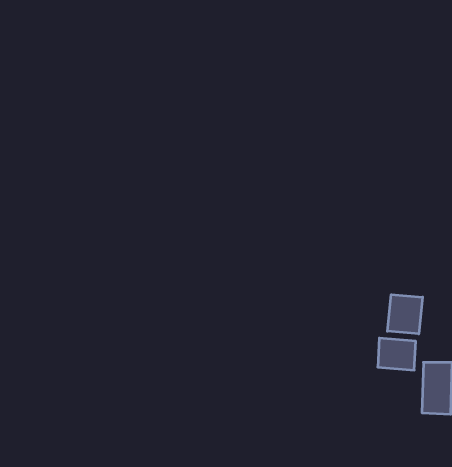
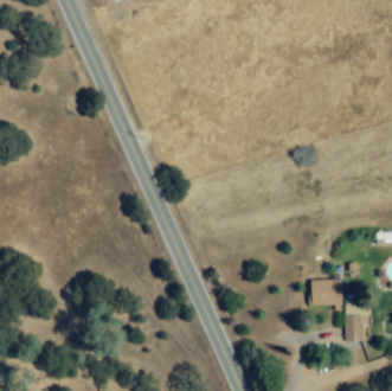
building: [387,295,423,334] -> none

